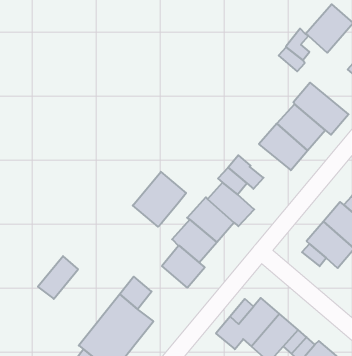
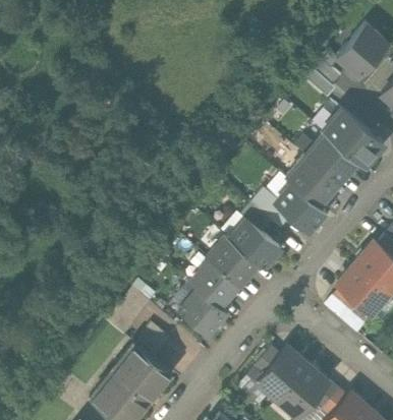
building: none -> [276,184,327,232]
building: [133,172,186,227] -> none
building: [38,256,78,299] -> [106,288,150,335]

